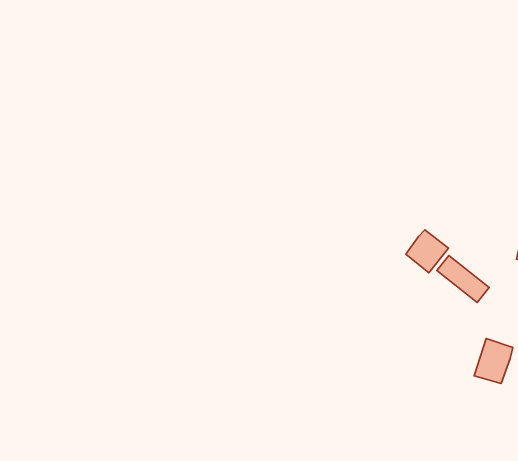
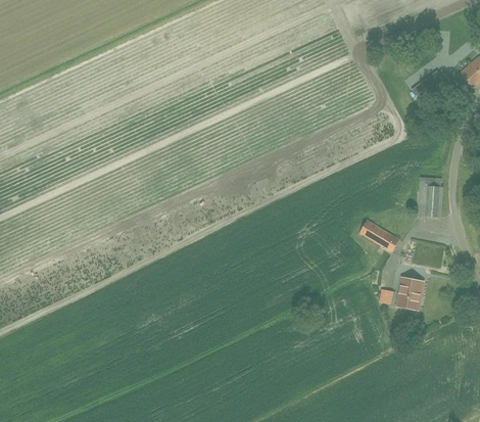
building: [406,230,449,273] -> none

